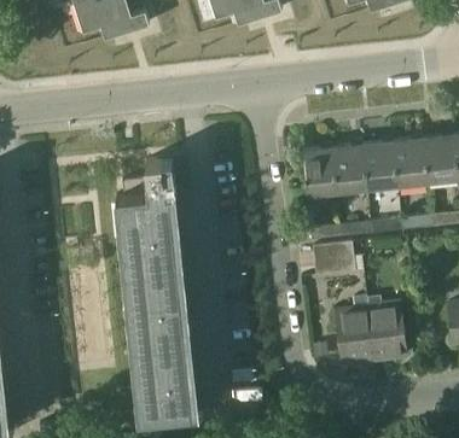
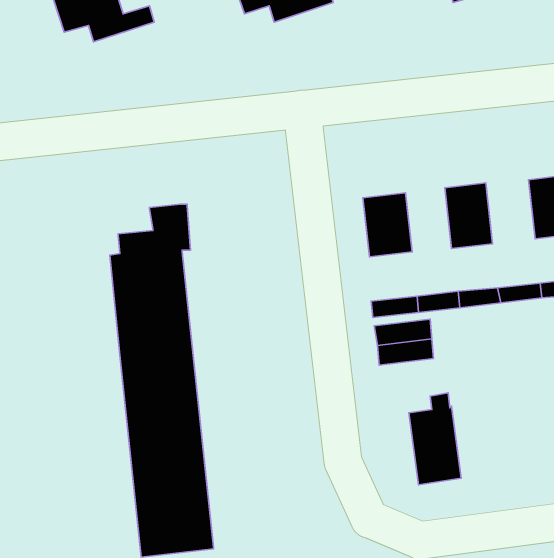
building: [394,139,430,186] -> none
building: [335,145,368,192] -> none
building: [367,297,407,358] -> none

